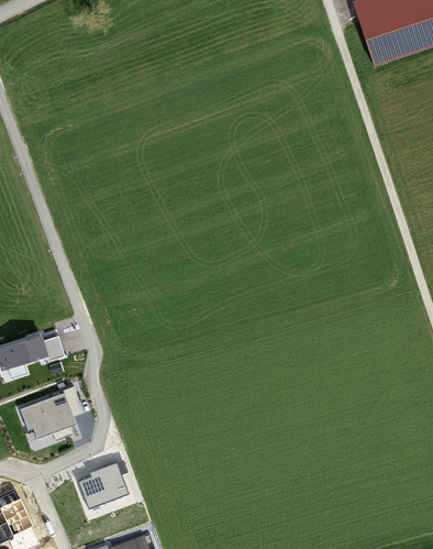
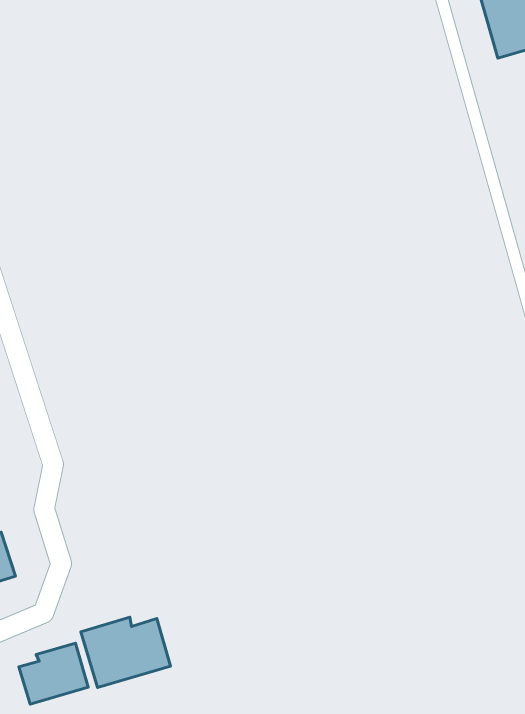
building: none -> [81,617,170,688]

